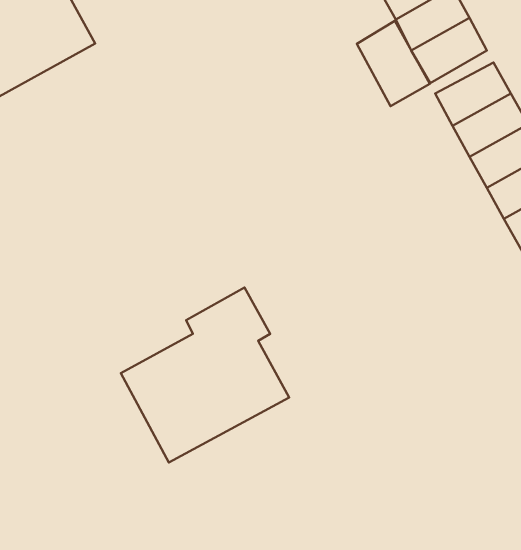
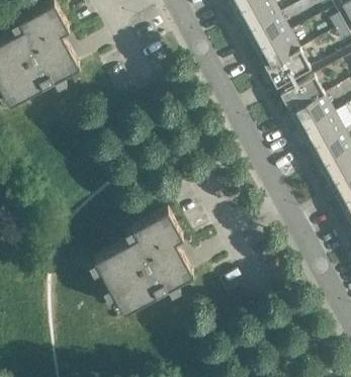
building: [357,21,430,106] -> none

